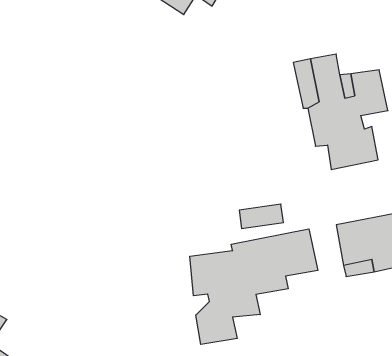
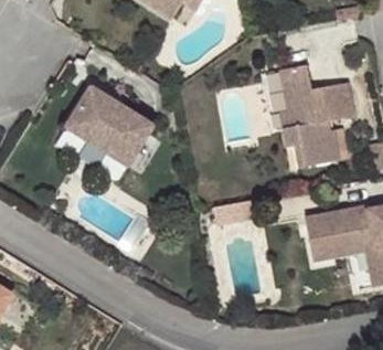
building: none -> [66,96,151,172]
building: [190,229,318,344] -> none

